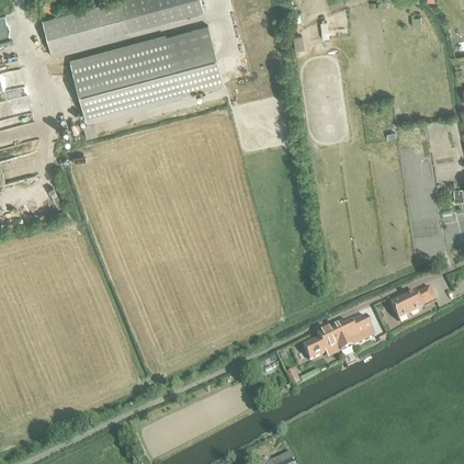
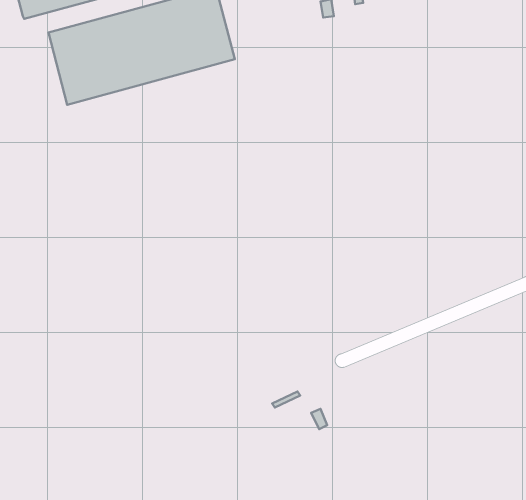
building: [389,286,434,319] -> none
building: [303,315,374,359] -> none

